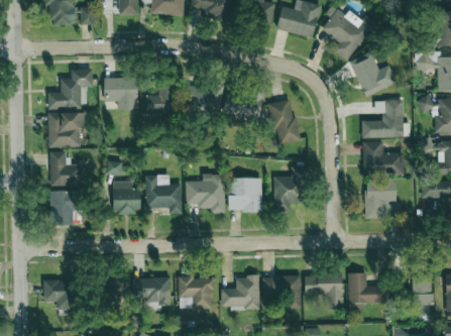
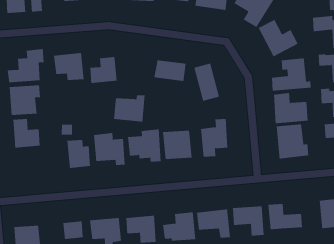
building: [182,84,222,117] -> [113,95,146,122]
building: [48,190,79,225] -> none

